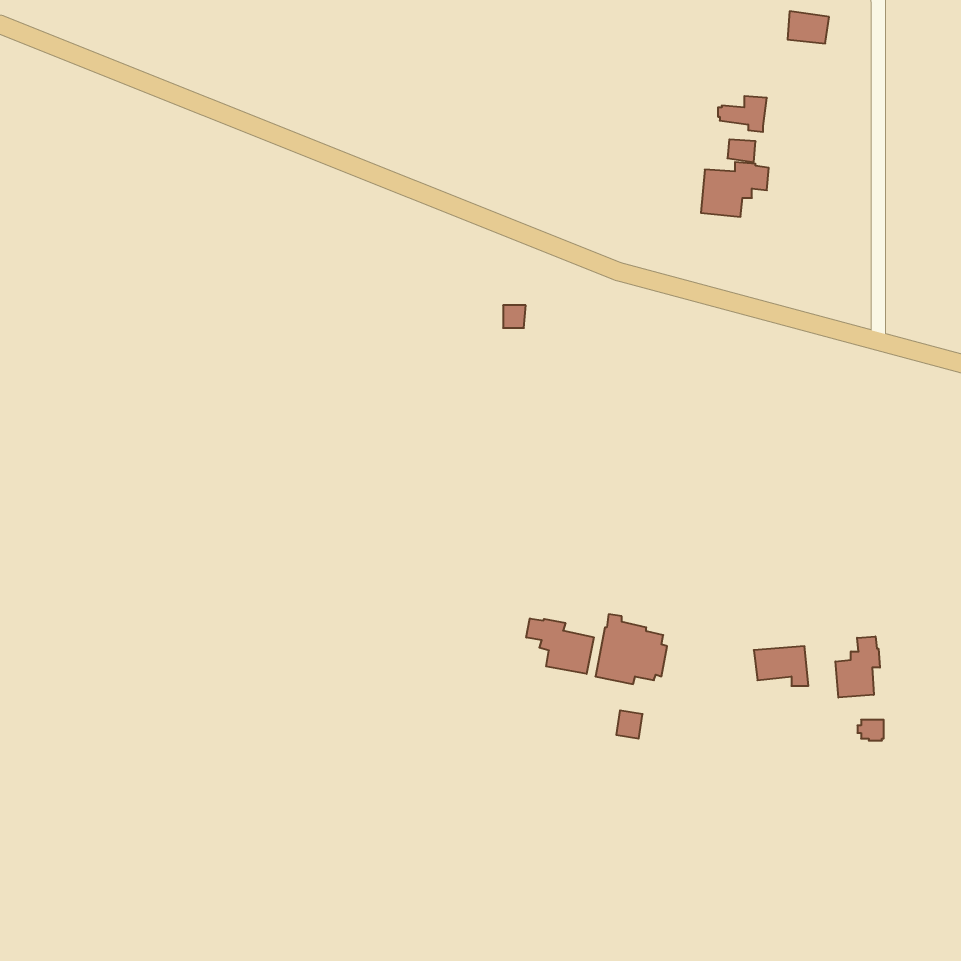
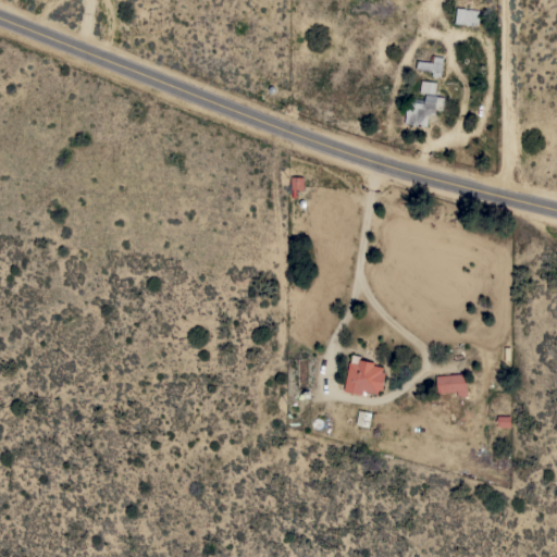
building: [526,618,594,674] -> none
building: [835,636,880,698] -> none

